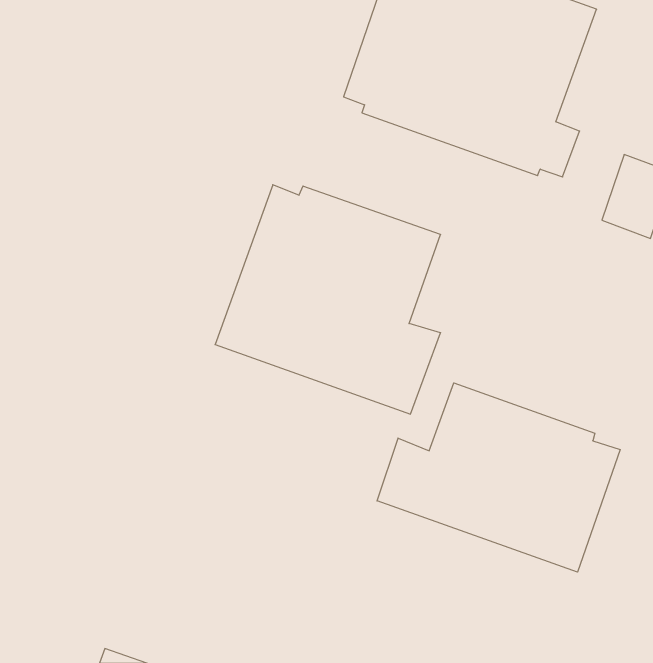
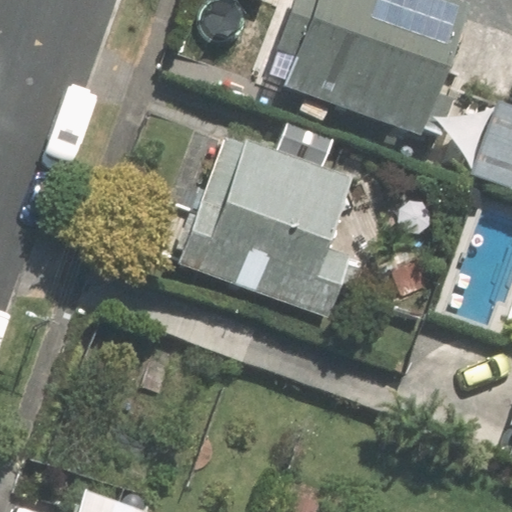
building: [377,383,620,572] -> none

